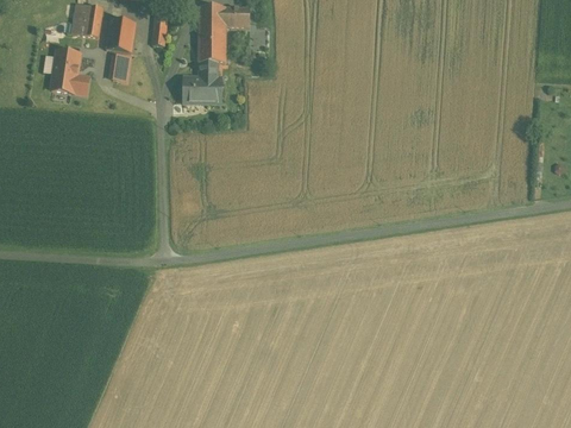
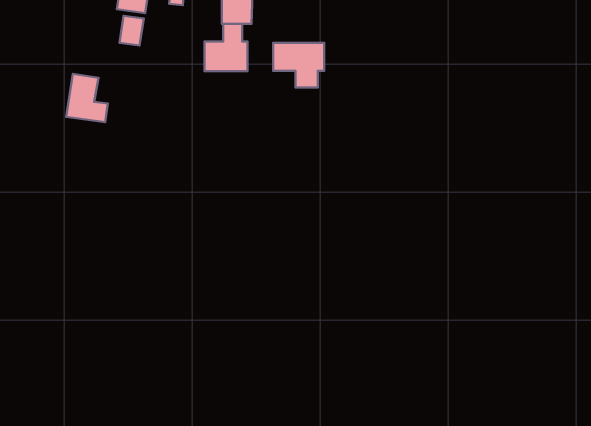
building: [52,49,89,92] -> [66,74,108,122]
building: none -> [273,43,324,88]

